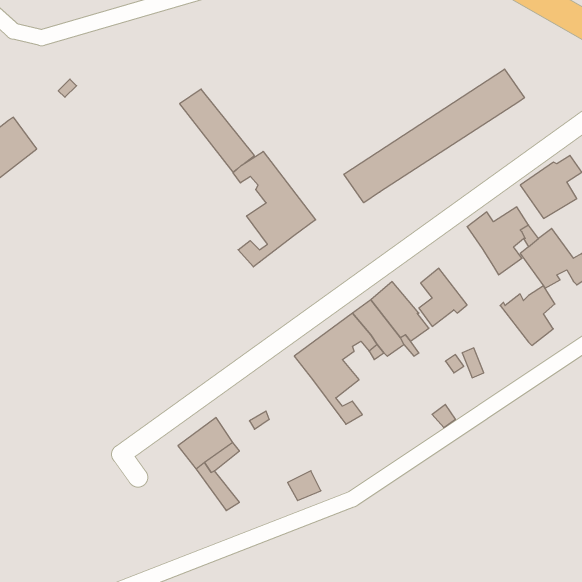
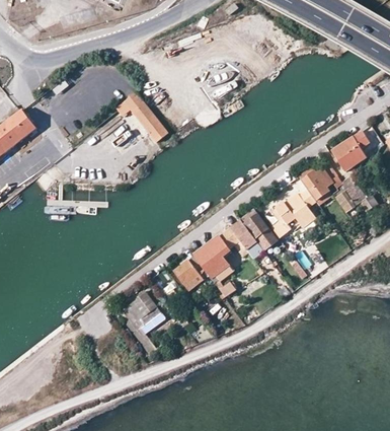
building: [344,69,524,203] -> none
building: [233,151,316,267] -> none
building: [500,286,555,345] -> [281,189,314,225]
building: none -> [172,255,204,290]

